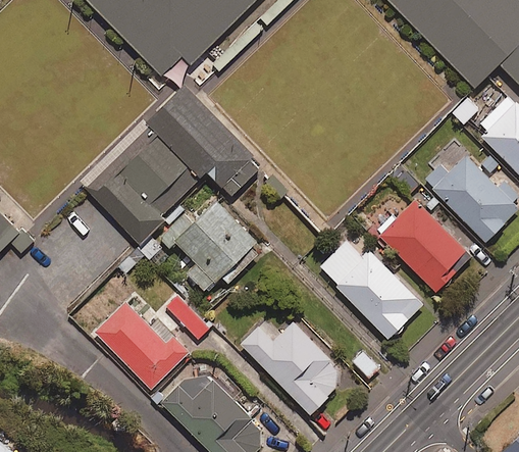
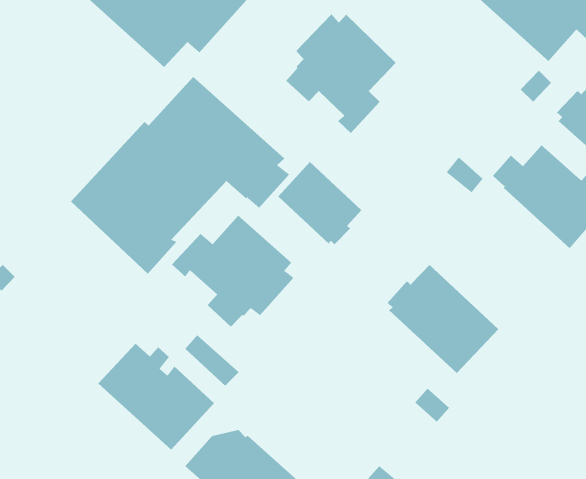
building: none -> [286,13,397,134]
building: none -> [277,161,362,245]
building: [376,199,471,291] -> none
building: [243,322,336,413] -> none

